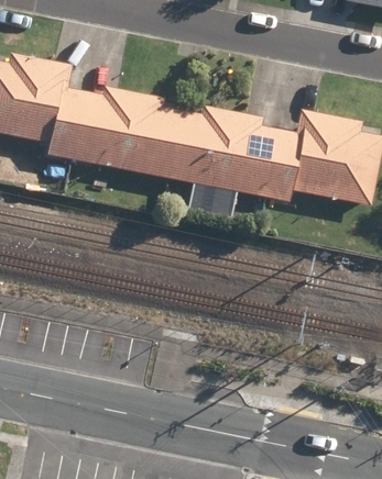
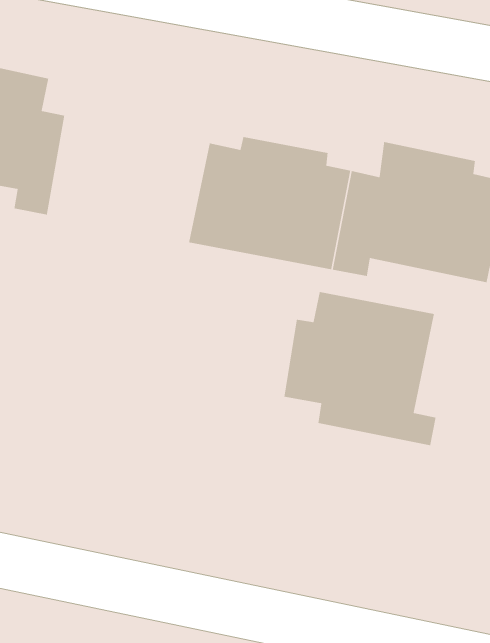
building: [72,86,182,177] -> none
building: none -> [284,291,436,446]

